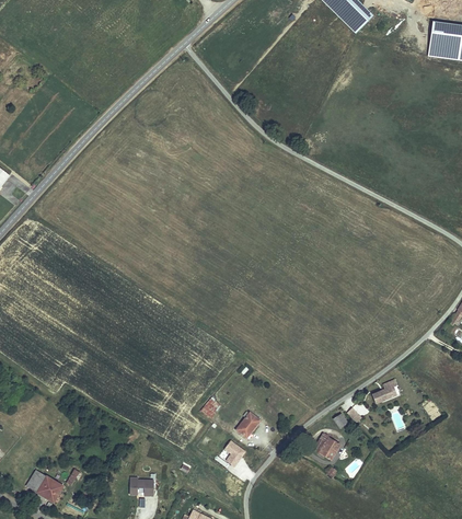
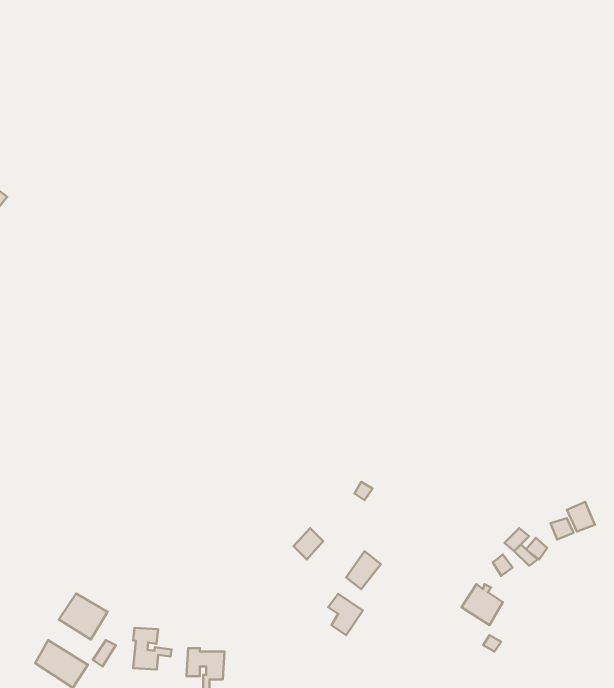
building: none -> [59,594,107,639]
building: none -> [133,628,171,669]

